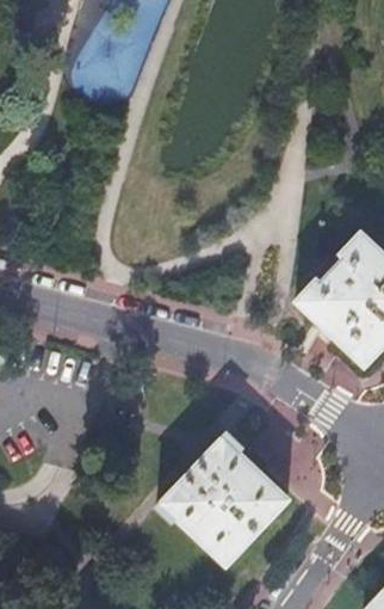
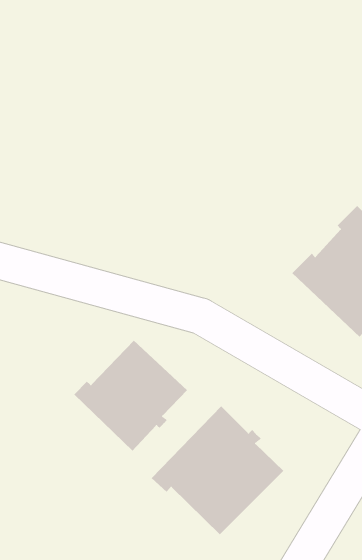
building: none -> [73,340,188,451]

